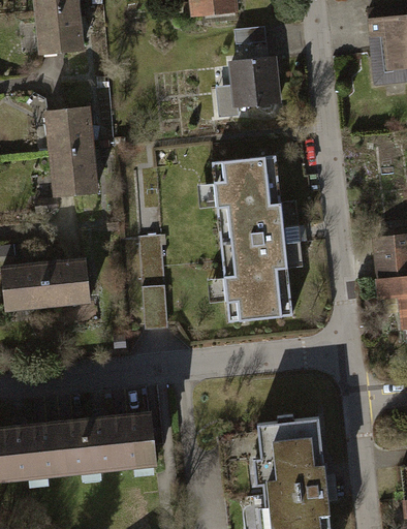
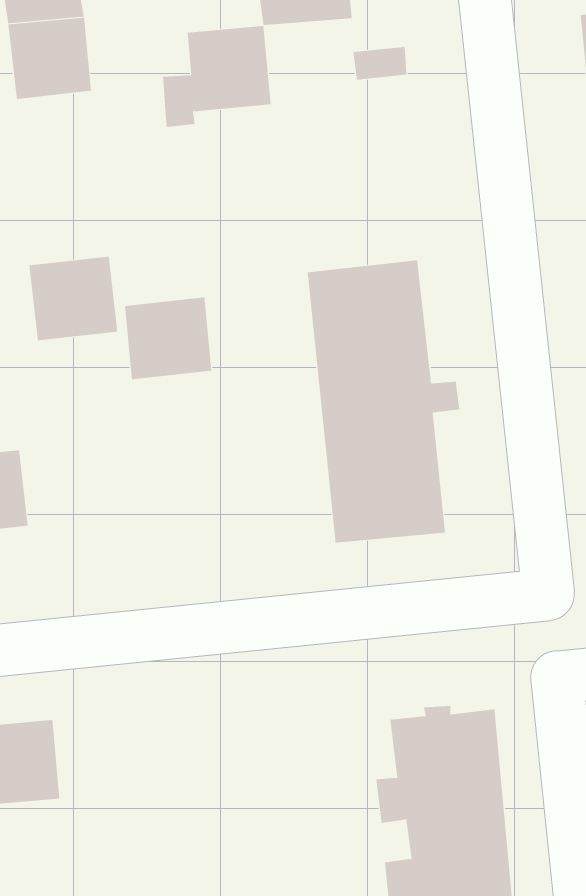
building: [217,59,281,119] -> [162,25,271,128]
building: [42,108,94,157] -> [124,297,212,380]
building: [41,261,90,310] -> none
building: [61,414,155,470] -> none

